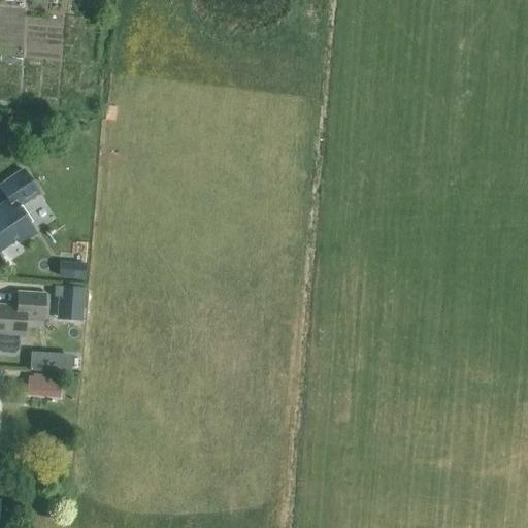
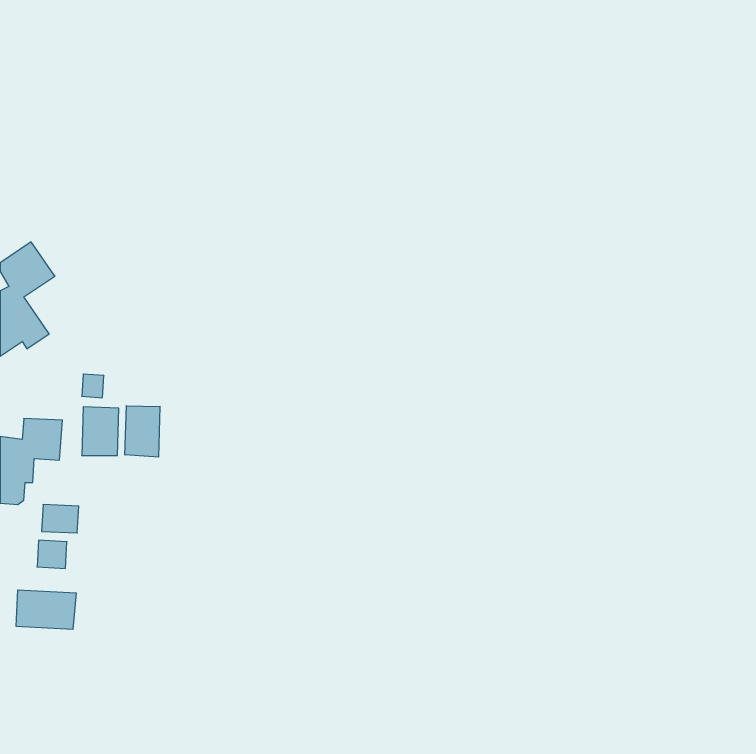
building: none -> [125,406,160,457]
building: none -> [16,590,76,629]

